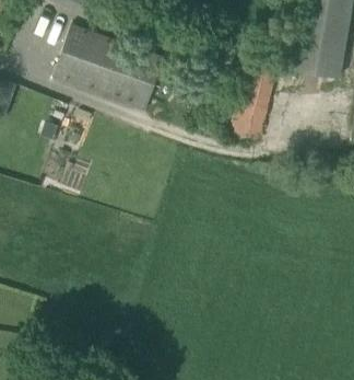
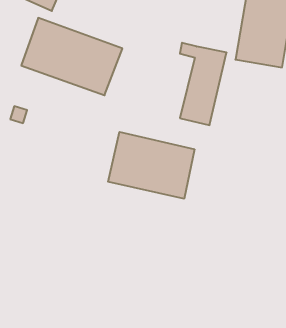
building: none -> [108,132,194,199]

